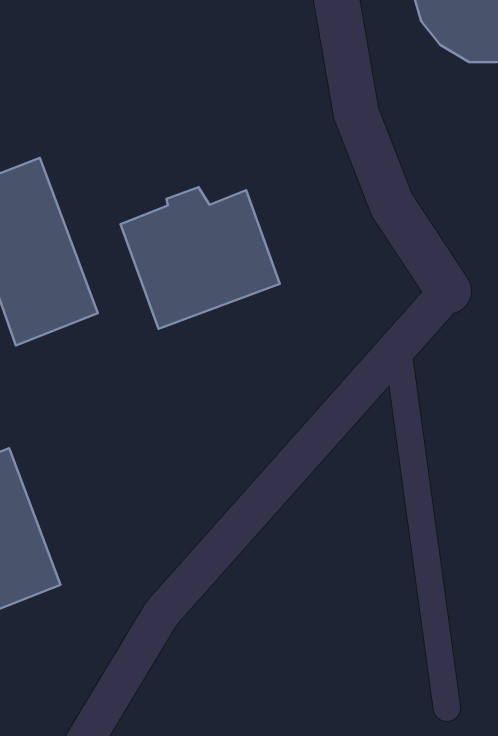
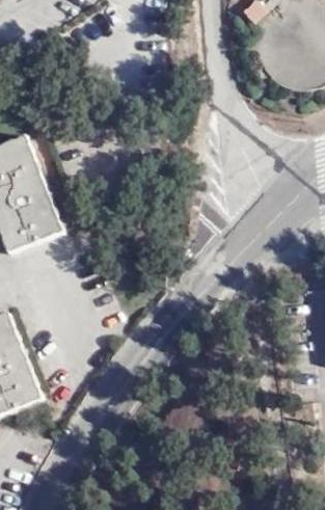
building: [120,187,280,329] -> none

